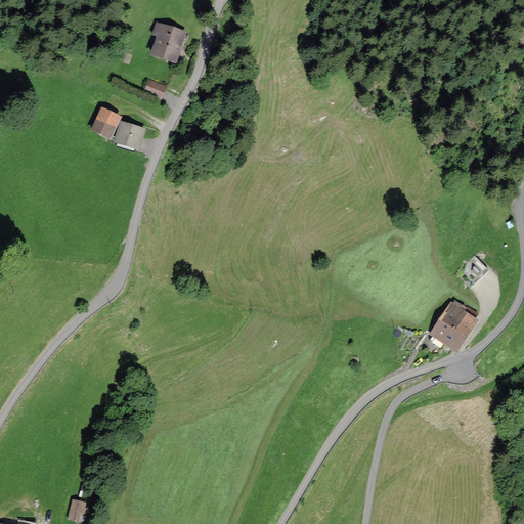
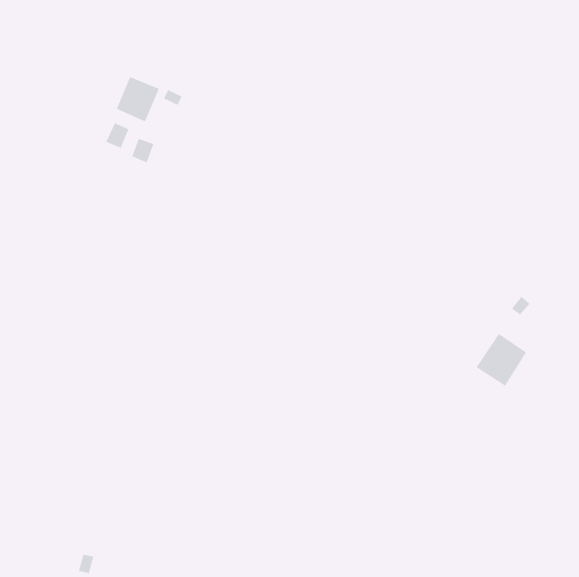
building: [154,28,182,60] -> none
building: none -> [116,76,160,122]

